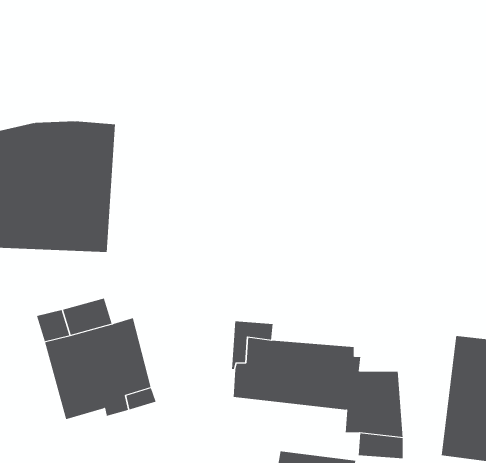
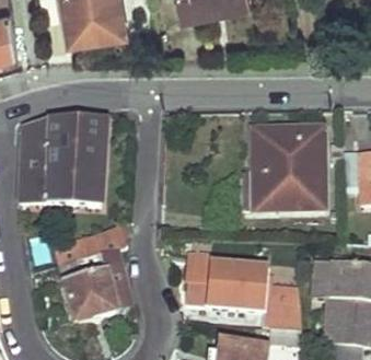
building: none -> [244,126,324,208]

